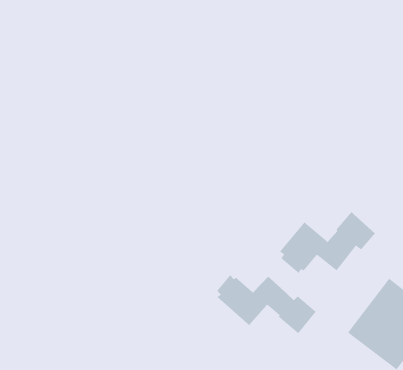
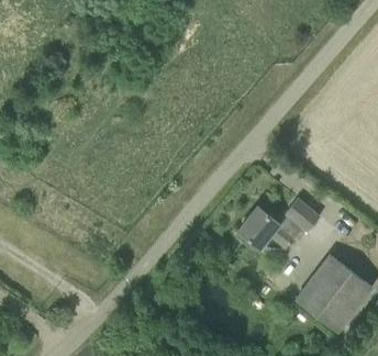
building: [216,275,317,334] -> none

